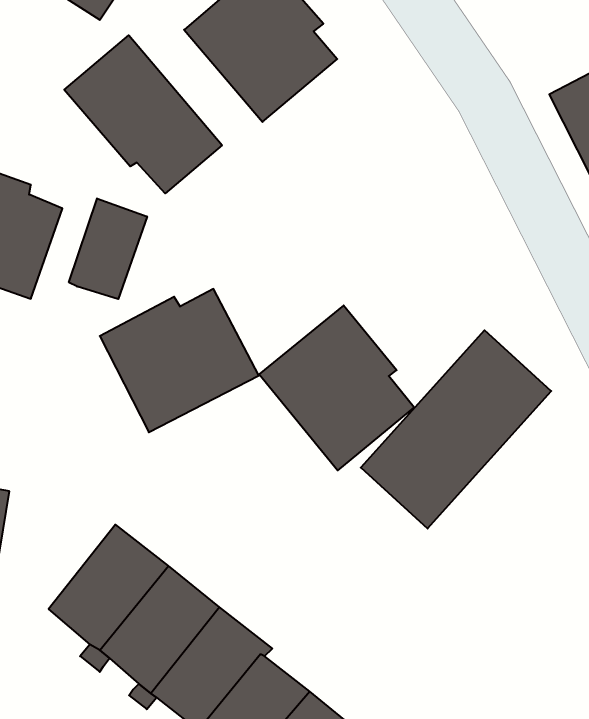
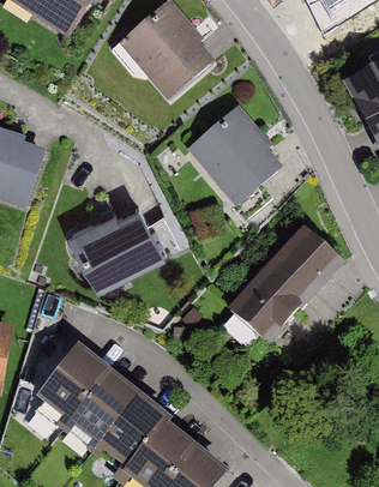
building: [64,35,222,193] -> none
building: [69,198,147,299] -> none
building: [259,305,414,470] -> [189,106,284,206]

